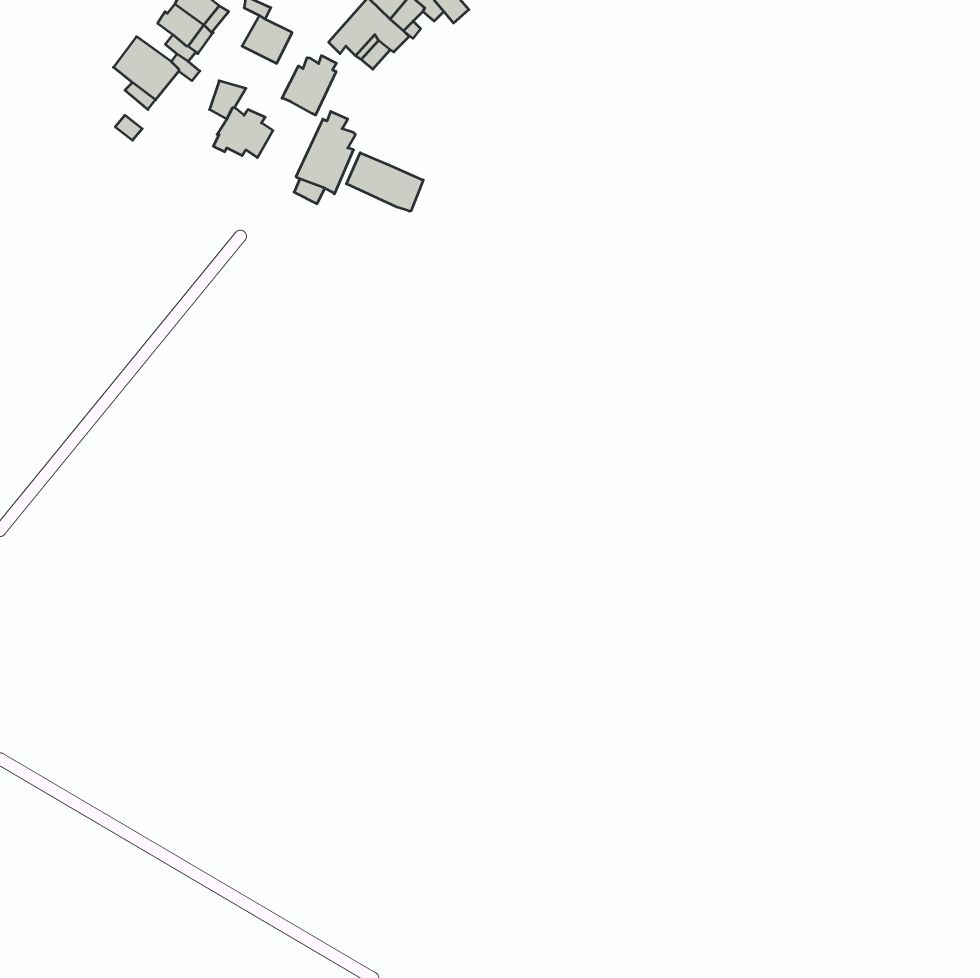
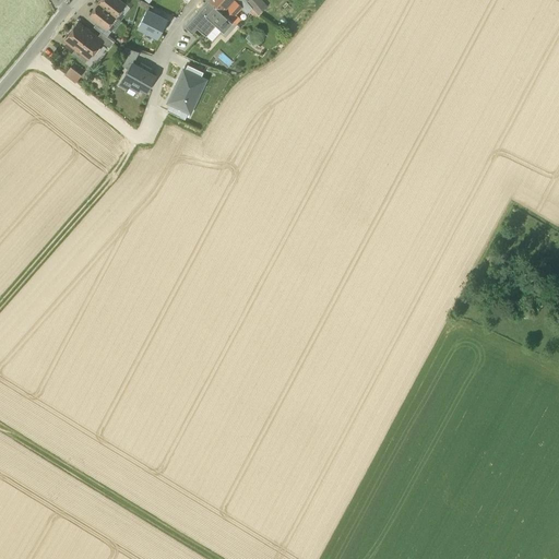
building: [282,56,336,115] -> none
building: [346,153,423,211] -> none

